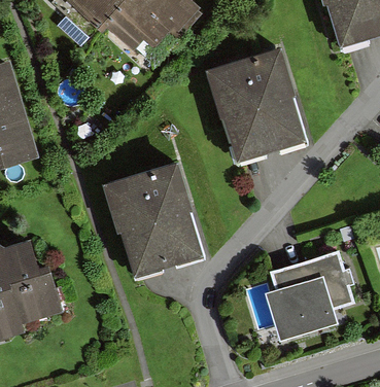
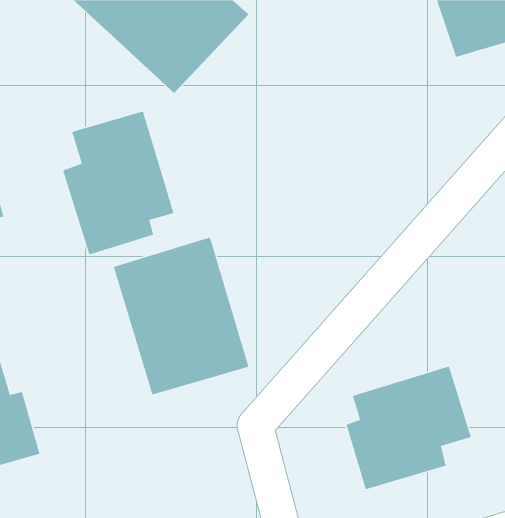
building: [212,48,306,157] -> none
building: none -> [62,110,174,255]

